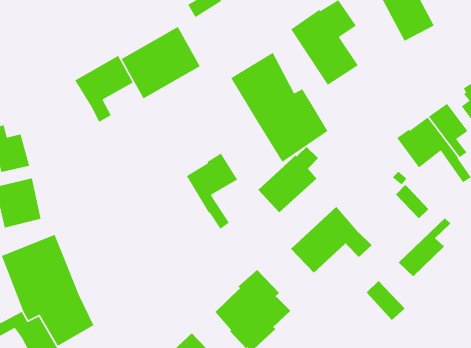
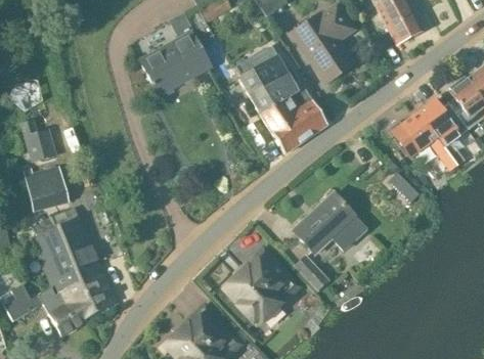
building: [74,55,134,123] -> none
building: [258,146,319,213] -> none
building: [186,152,238,230] -> none
building: [398,217,451,277] -> none
building: [366,280,406,321] -> [294,255,329,291]

